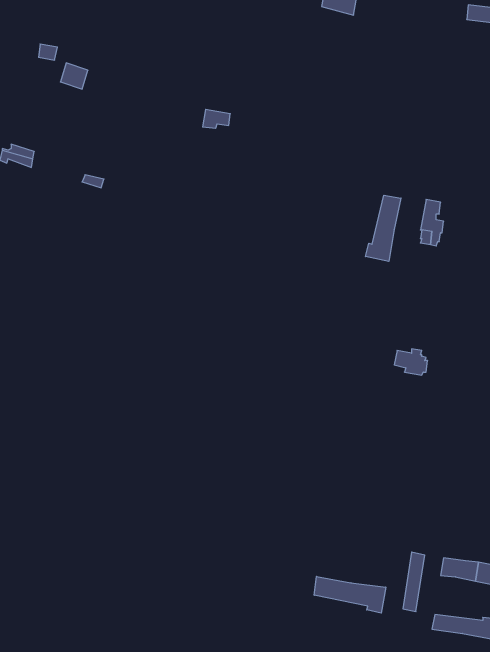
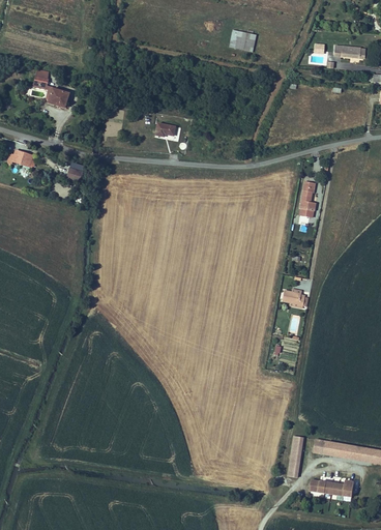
building: [366,195,401,261] -> none
building: [314,576,386,613] -> none

